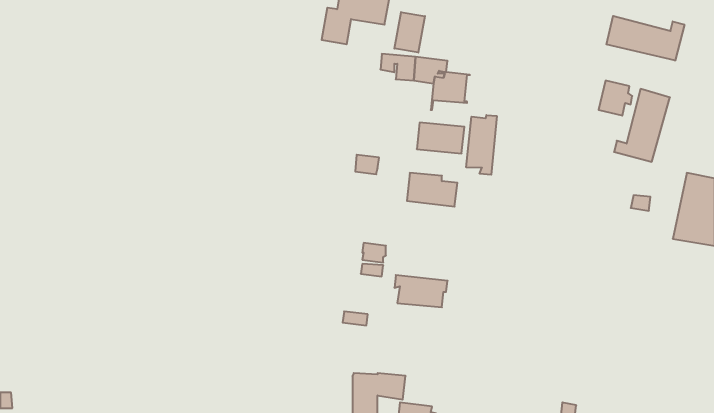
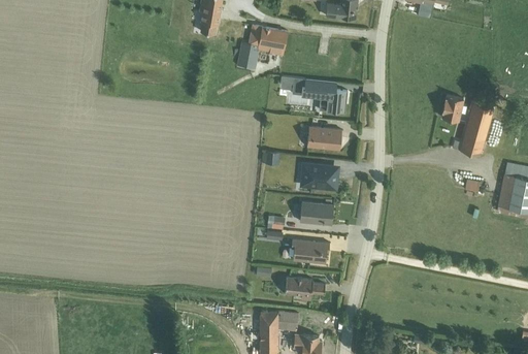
building: [394,12,425,53] -> none
building: [606,16,684,61] -> none
building: [466,115,497,175] -> none
building: none -> [300,199,334,223]
building: none -> [285,275,325,298]

